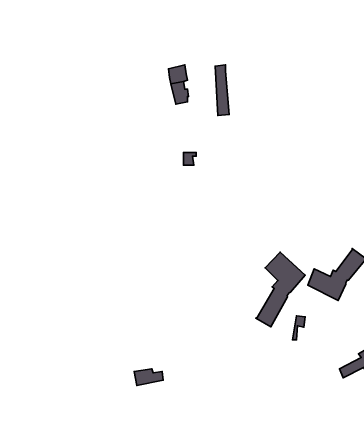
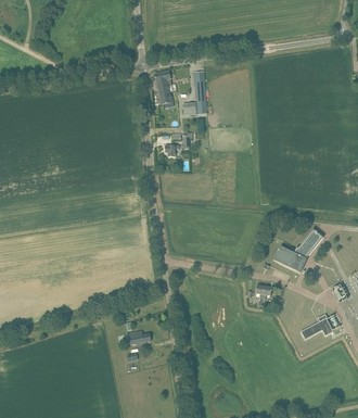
building: [256,252,305,327] -> none

